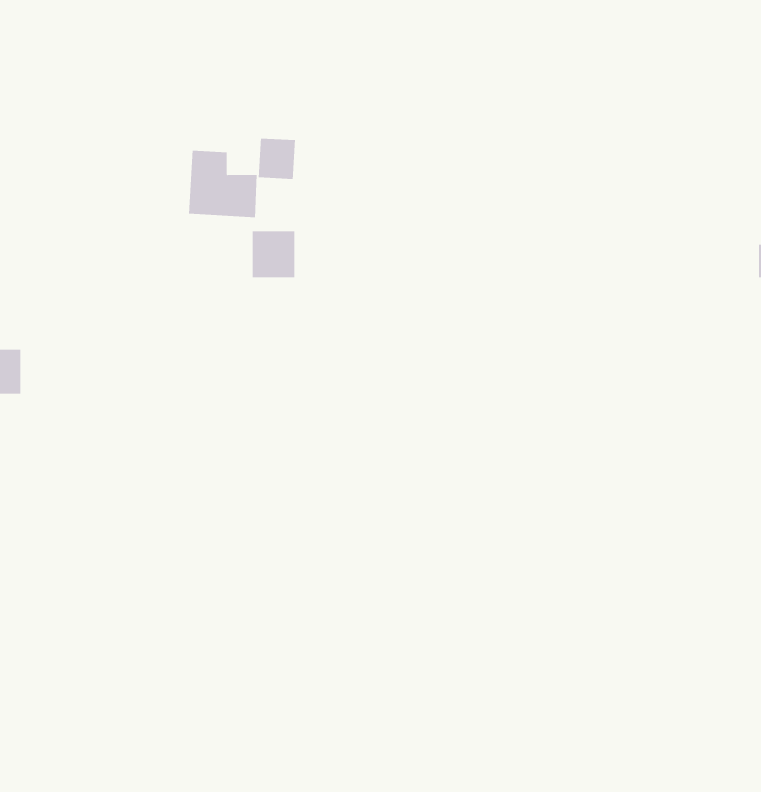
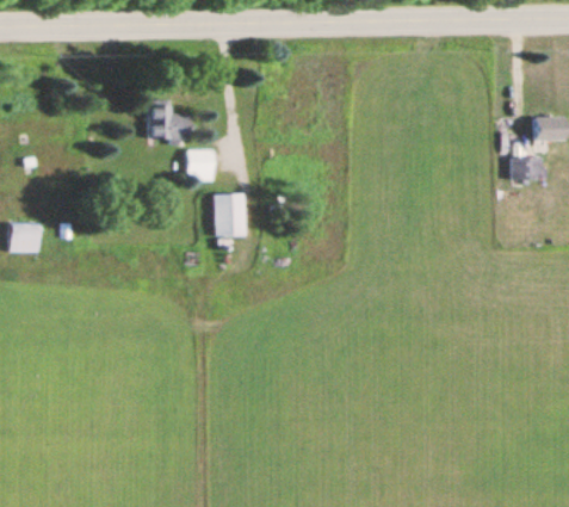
building: [258,138,295,180] -> none
building: none -> [215,193,245,236]

